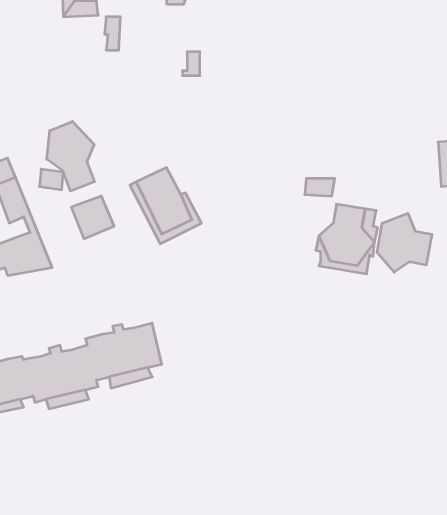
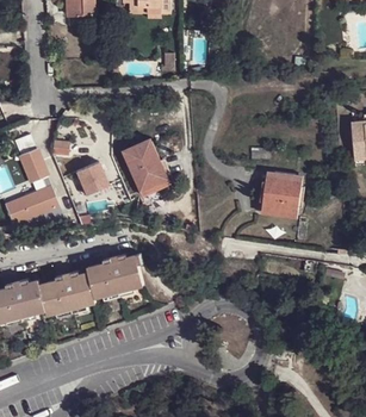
building: [47,121,95,191] -> none
building: [377,213,432,272] -> none

